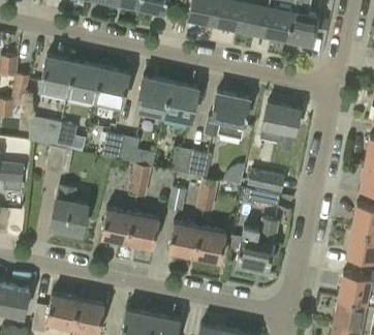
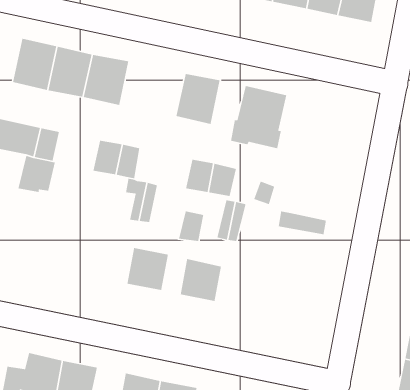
building: [136,75,172,115] -> none
building: [260,102,300,150] -> none
building: [247,170,284,192] -> none
building: [51,187,87,233] -> none
building: [101,209,132,242] -> none
building: [230,218,278,271] -> none
building: [194,229,226,262] -> none

